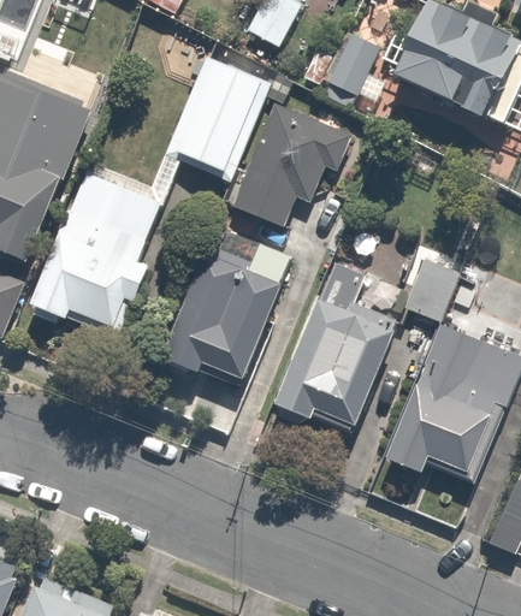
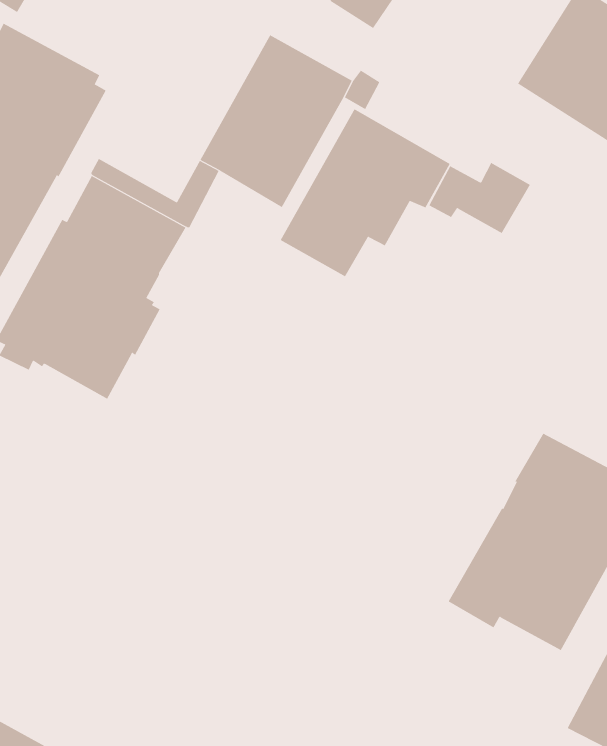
building: [297,40,371,91] -> [429,162,531,234]
building: [160,229,289,386] -> none
building: [402,259,458,321] -> none
building: [274,262,396,433] -> none

